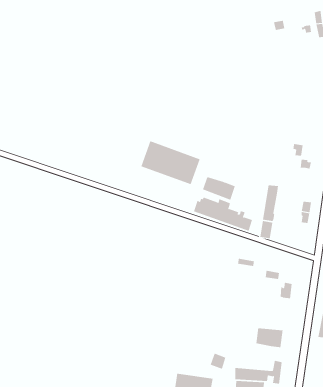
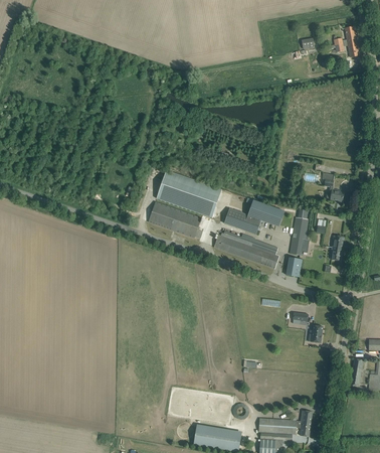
building: none -> [248,199,284,226]
building: none -> [149,201,202,238]
building: [256,327,283,348] -> none

